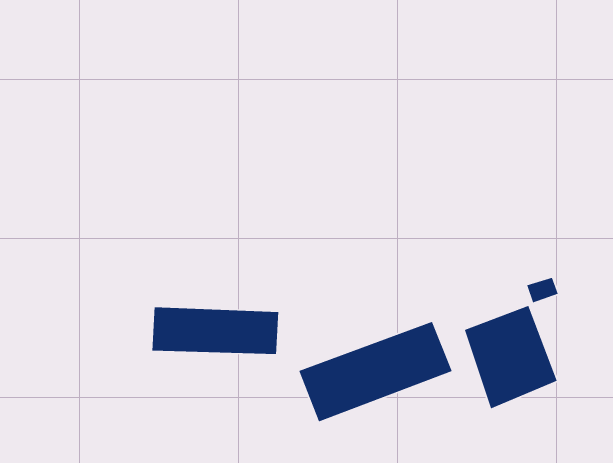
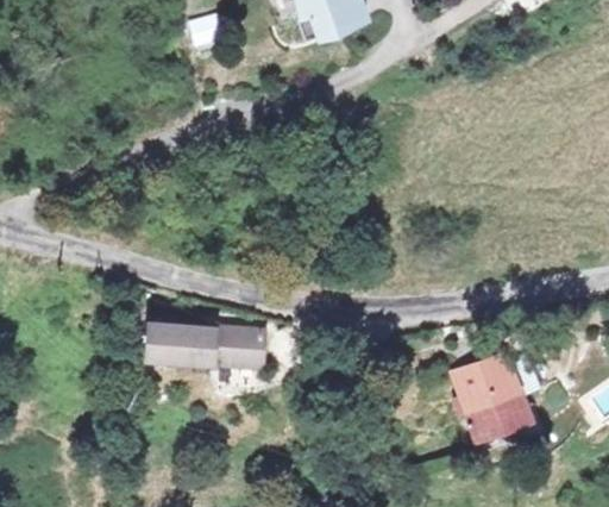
building: [298,321,453,423] -> none

